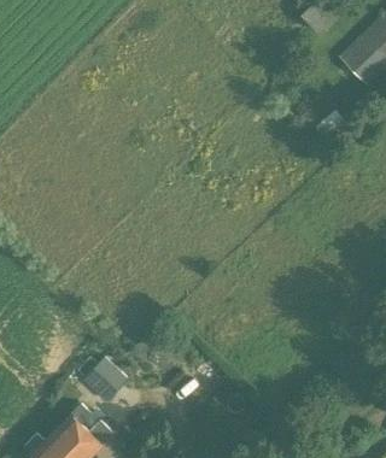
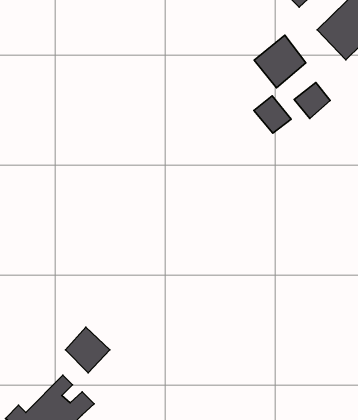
building: none -> [254,35,306,88]
building: none -> [254,96,291,133]

